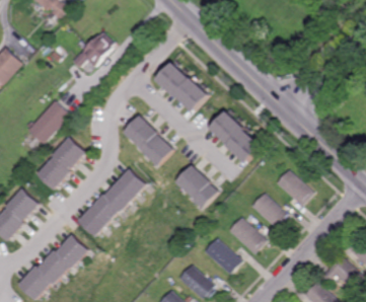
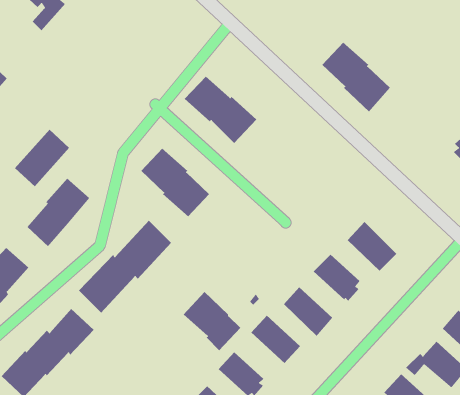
building: [72,30,114,66] -> none
building: [211,109,263,162] -> [322,42,391,112]
building: [176,164,220,209] -> [183,291,241,351]

